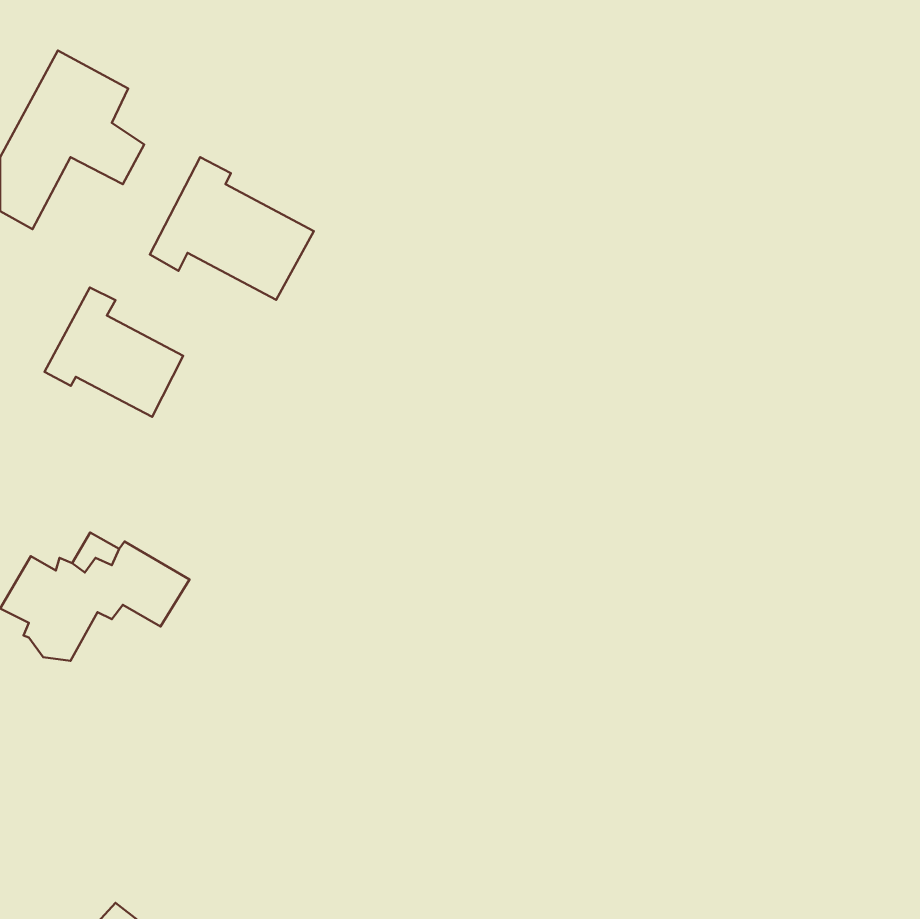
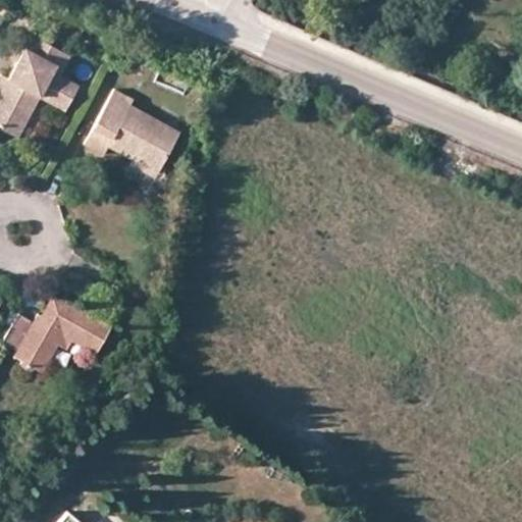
building: [44,287,183,417] -> none

